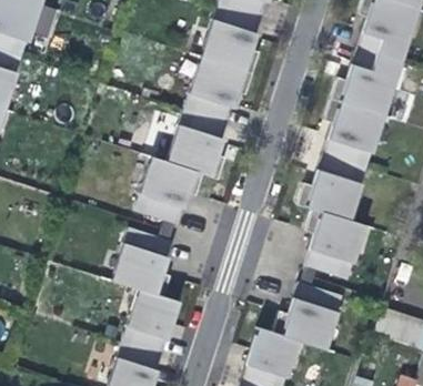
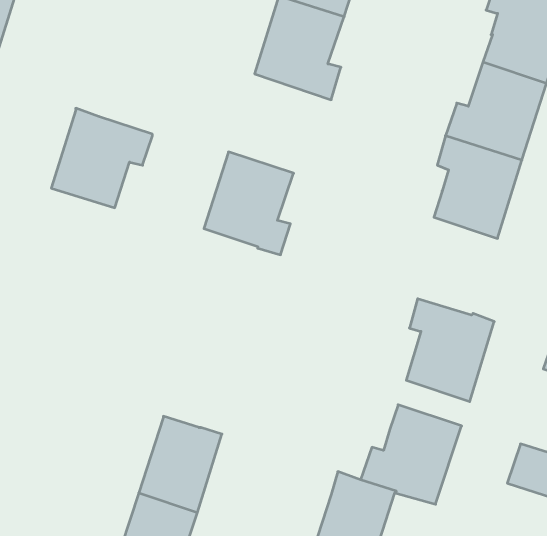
building: [184,55,254,123] -> none
building: [299,153,367,220] -> none
building: [135,155,204,223] -> [51,108,152,208]
building: [112,226,173,296] -> none

